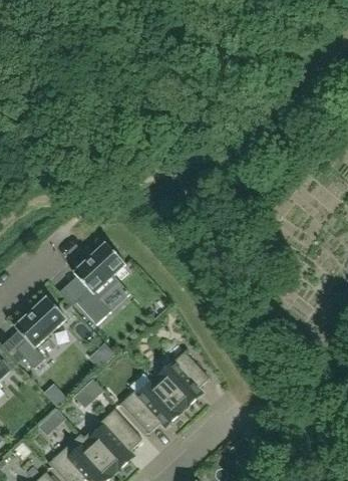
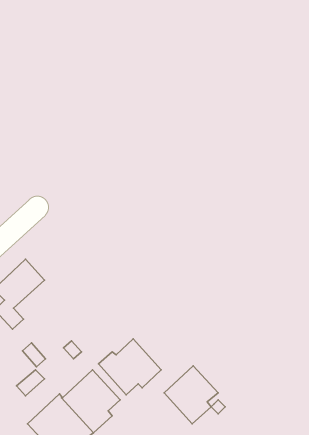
building: [74,243,125,324] -> none
building: [155,350,210,409] -> [164,366,218,424]

